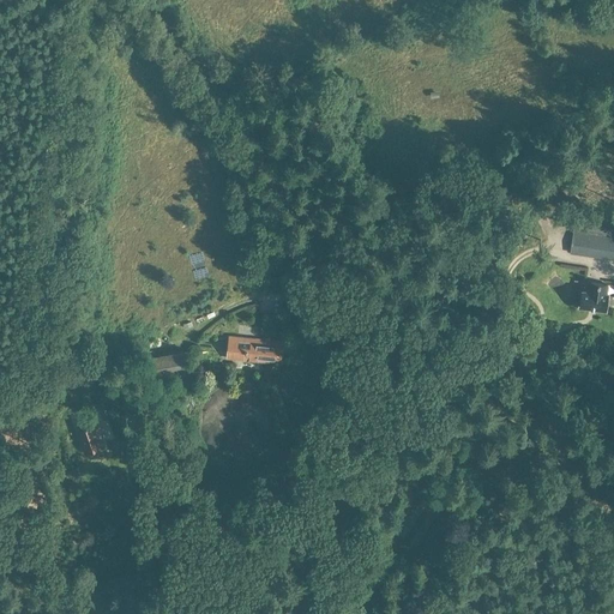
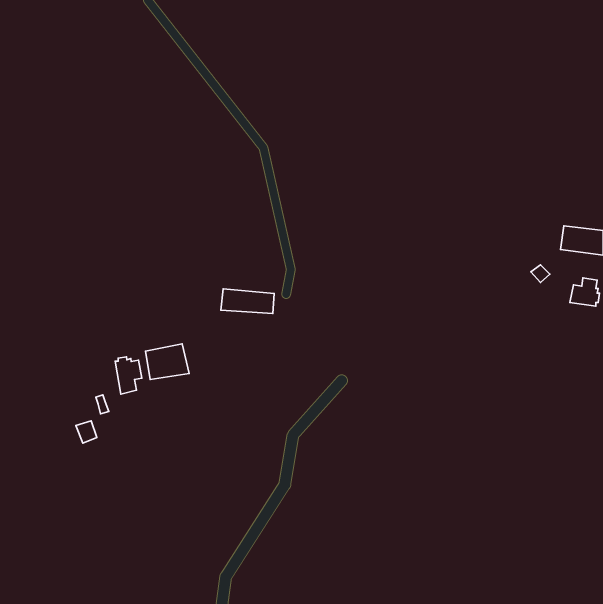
building: [225,337,279,362] -> [221,289,274,314]
building: none -> [115,357,142,394]

